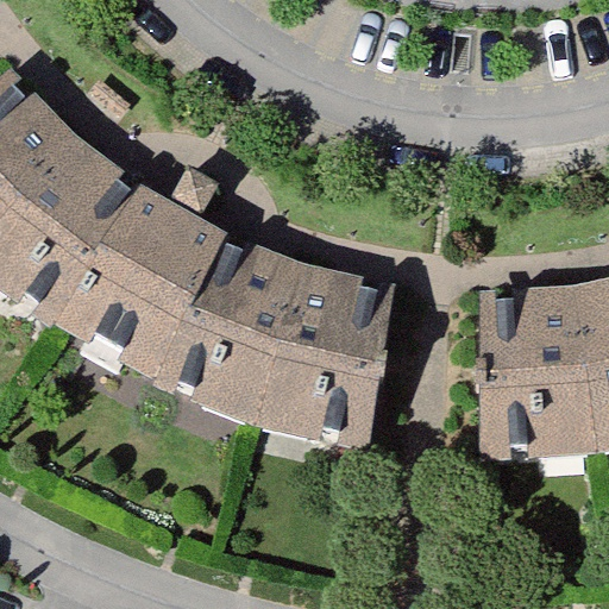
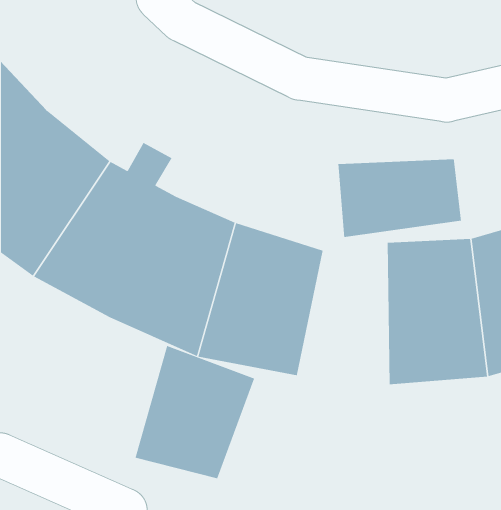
building: none -> [338,158,462,238]
building: none -> [135,345,255,479]

